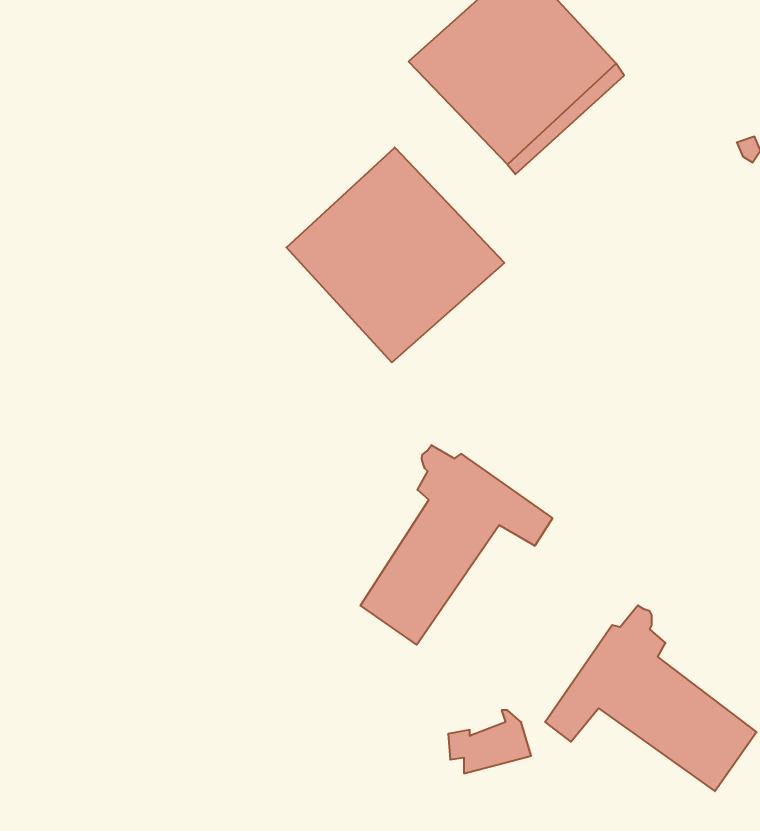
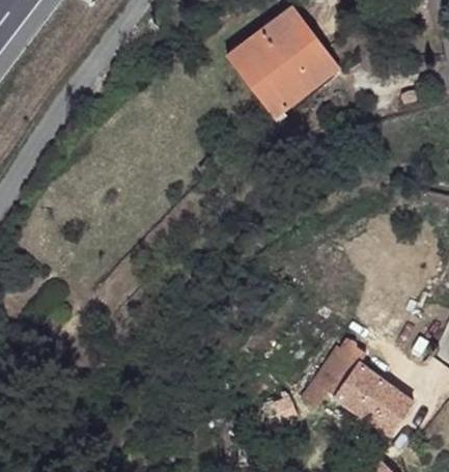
building: [286,147,504,362] -> none
building: [360,445,552,645] -> none

